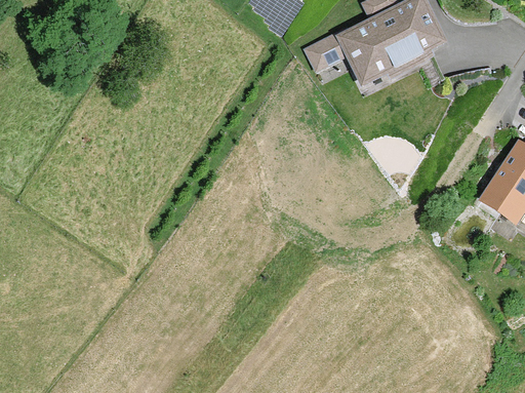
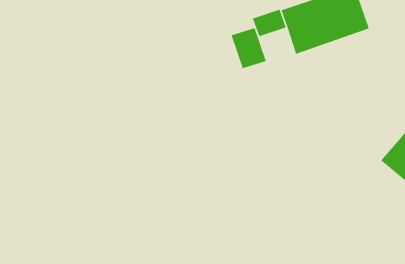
building: none -> [230,27,267,69]

